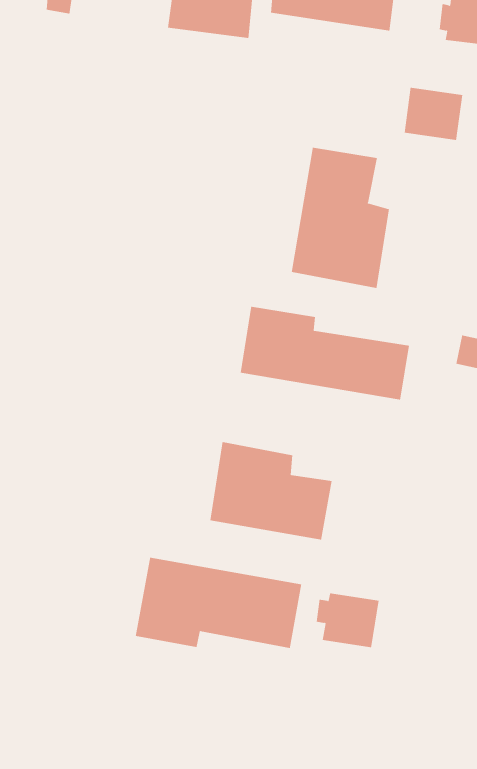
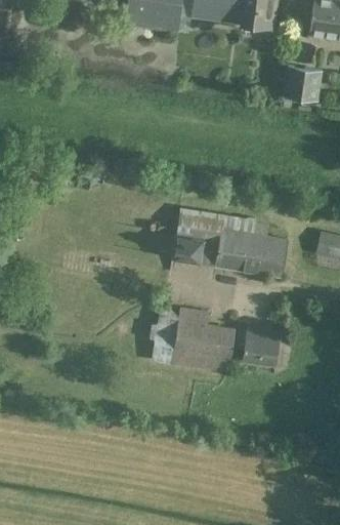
building: [291,147,389,289] -> none
building: [135,557,302,649] -> none
building: [316,593,379,648] -> [239,325,282,362]

